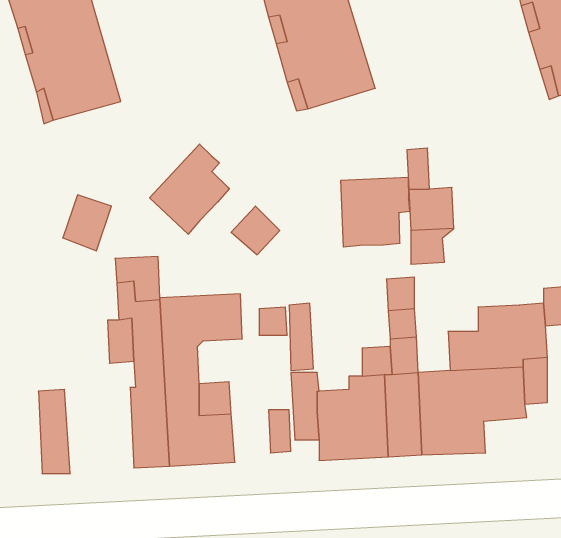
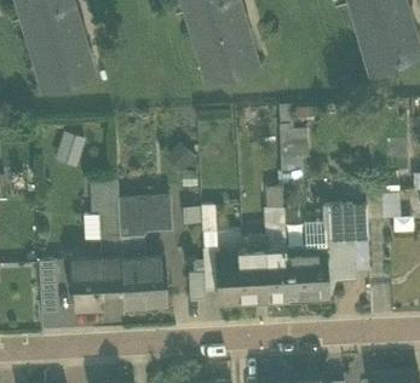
building: [150,144,229,234] -> none
building: [341,177,409,247] -> none
building: none -> [73,258,102,311]

